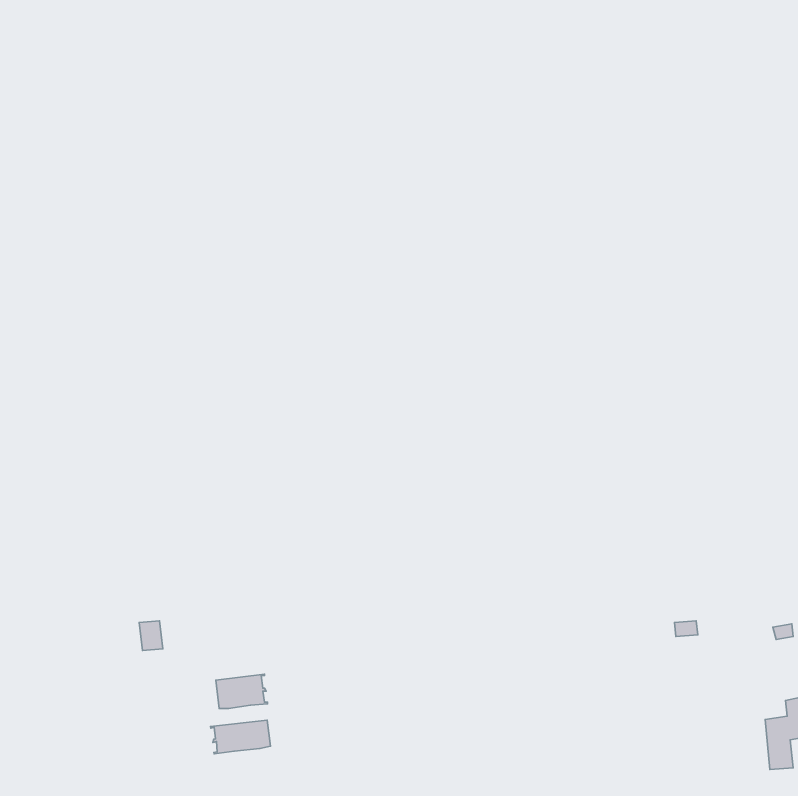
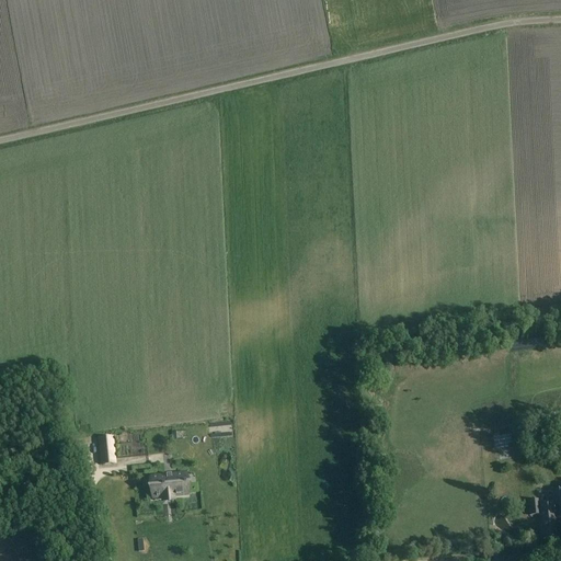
building: [210,720,271,754] -> none

